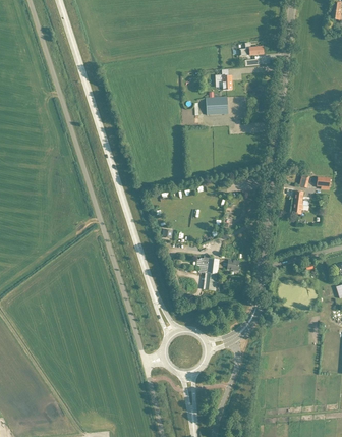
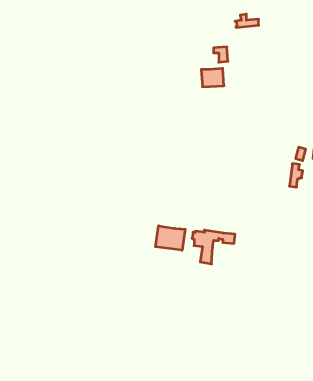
building: none -> [155,226,185,250]

